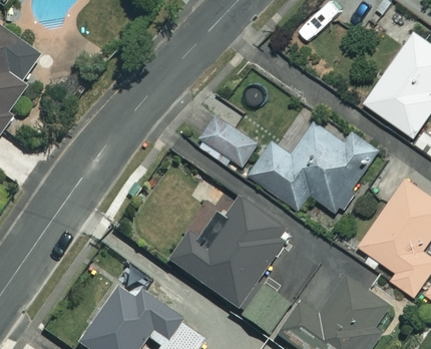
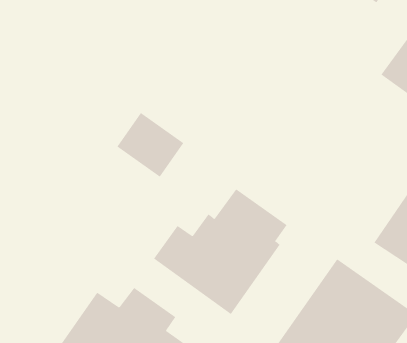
building: [249,103,379,210] -> none
building: [198,114,258,171] -> [116,112,184,178]

